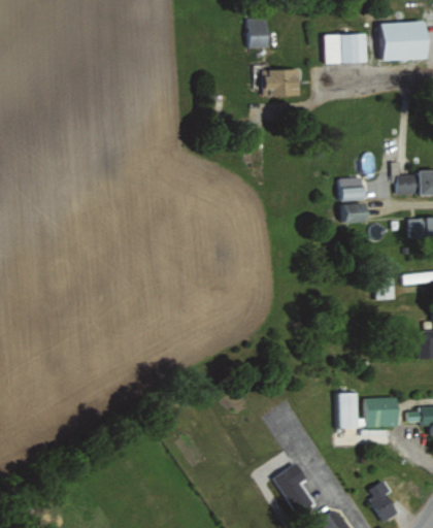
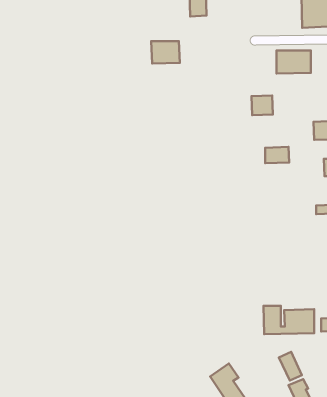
building: [322,35,363,63] -> [277,50,311,74]
building: [266,69,300,96] -> [151,41,180,64]
building: [338,176,364,200] -> [251,95,273,115]
building: none -> [279,352,302,381]

